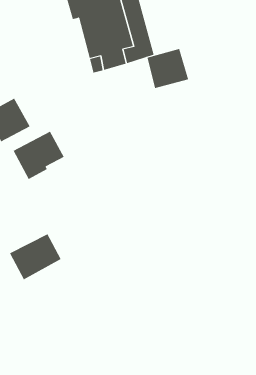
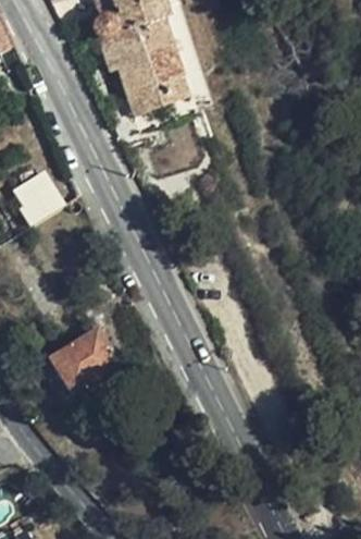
building: [147,48,189,89] -> none
building: [13,131,65,180] -> none

